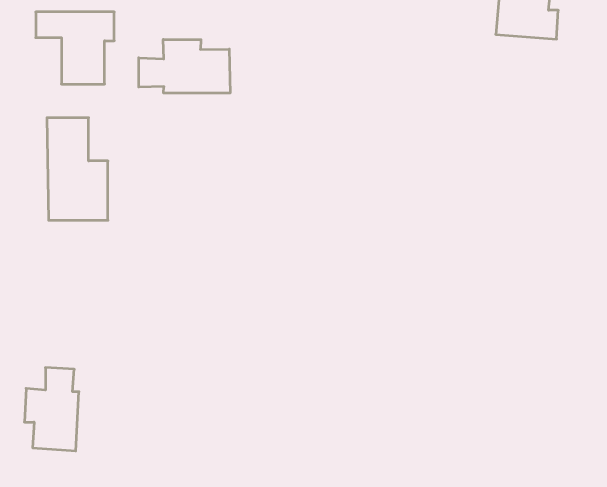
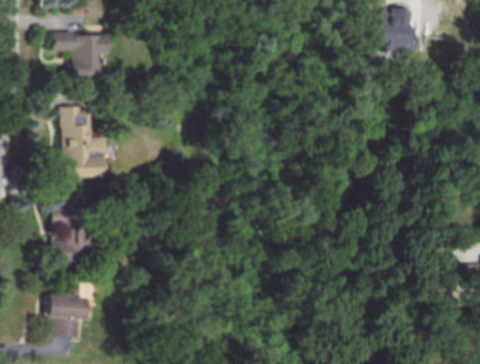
building: [139,39,230,93] -> none
building: none -> [53,205,84,264]

